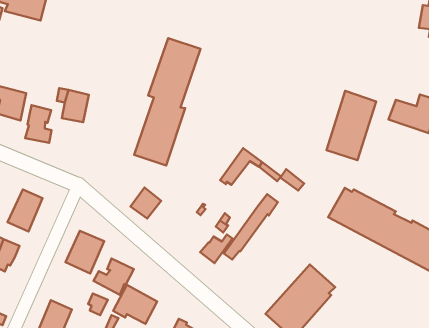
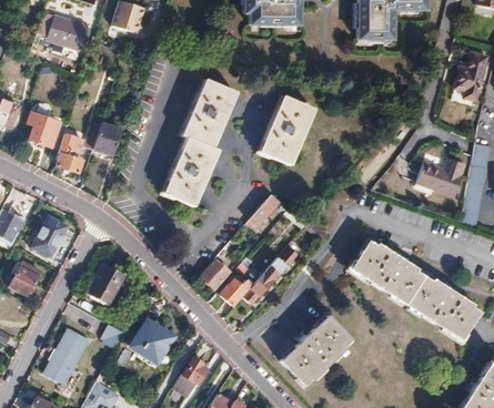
building: [326,91,376,160] -> [260,95,313,165]
building: [130,188,161,219] -> [200,258,231,289]
building: [93,259,134,295] -> none

